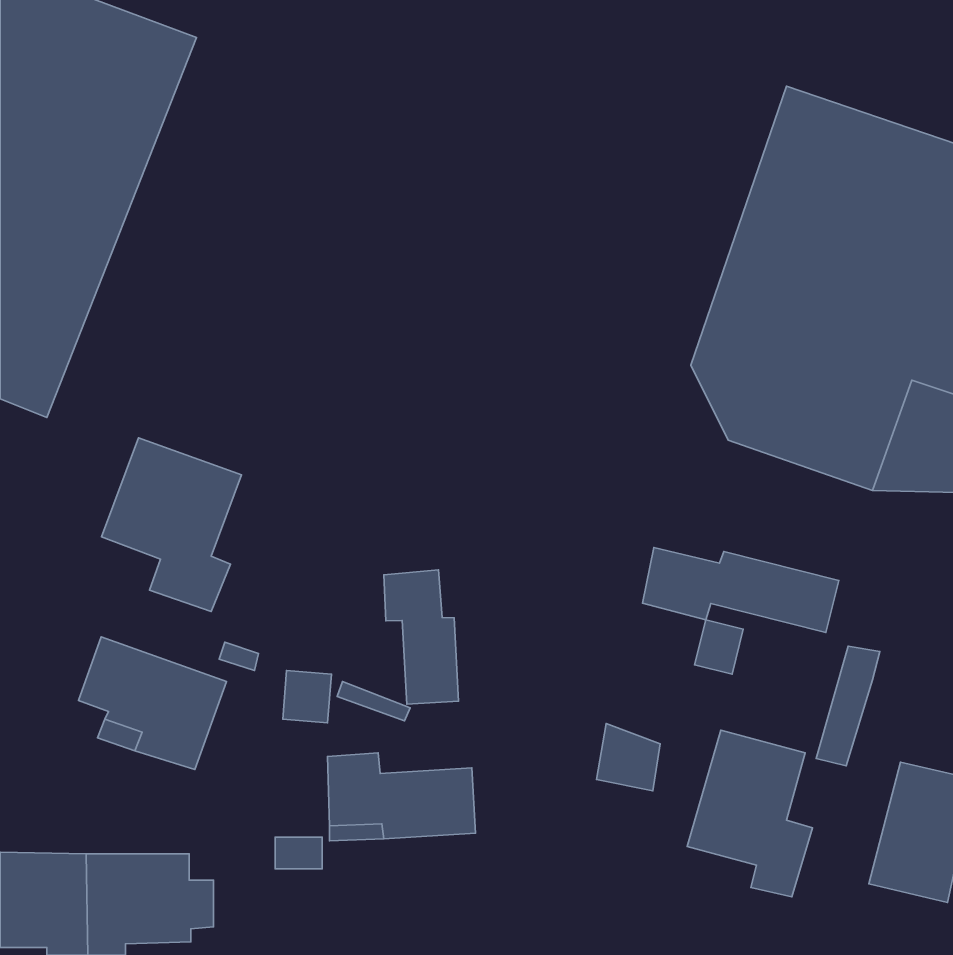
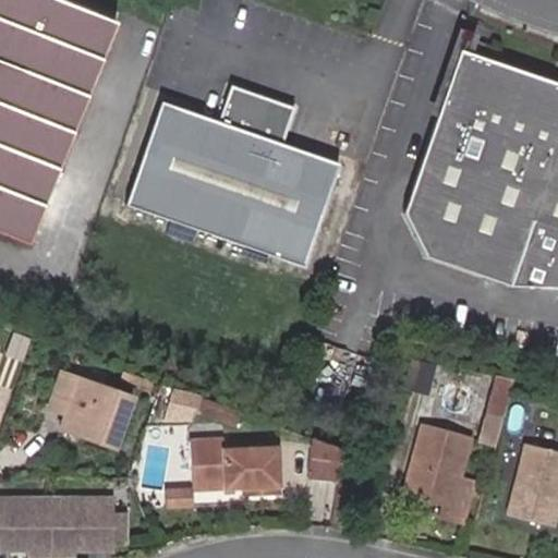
building: none -> [126,85,340,266]
building: [101,438,242,612] -> none
building: [643,548,839,633] -> none
building: [384,570,458,704] -> none
building: [597,723,660,791] -> [306,437,343,476]

